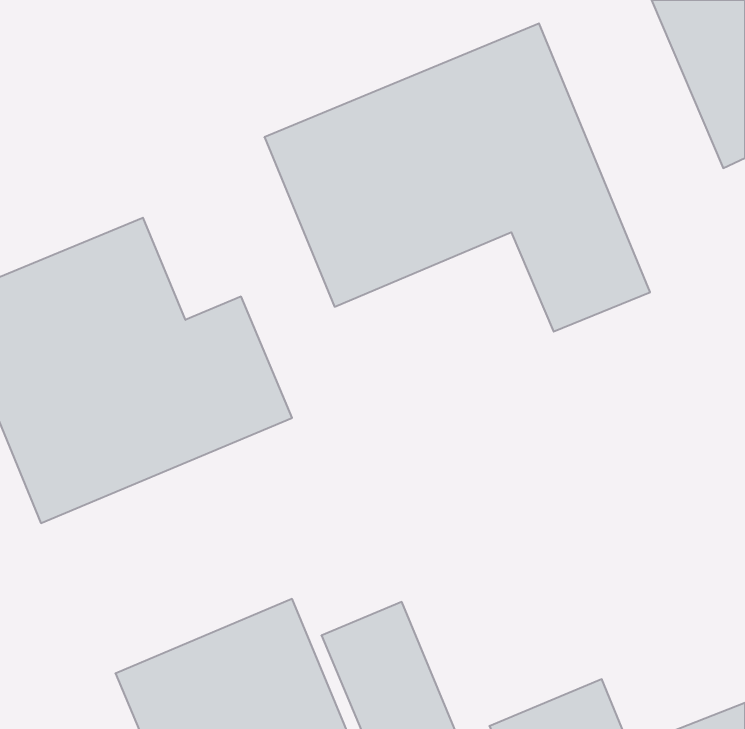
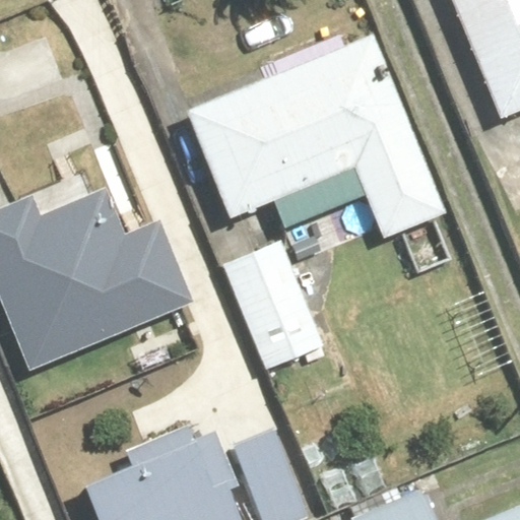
building: none -> [216,238,329,376]

